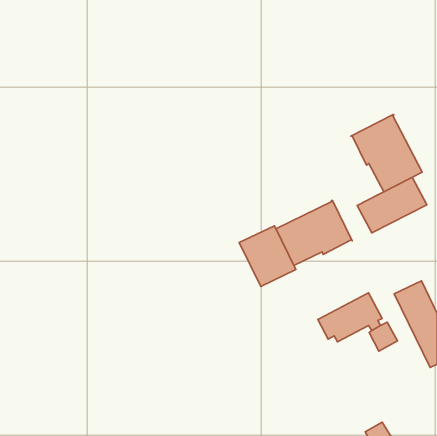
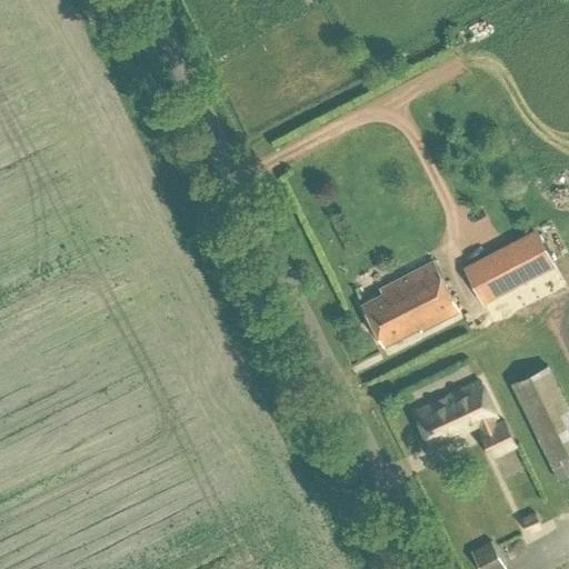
building: [351,114,422,192] -> none
building: [239,226,296,286] -> none

